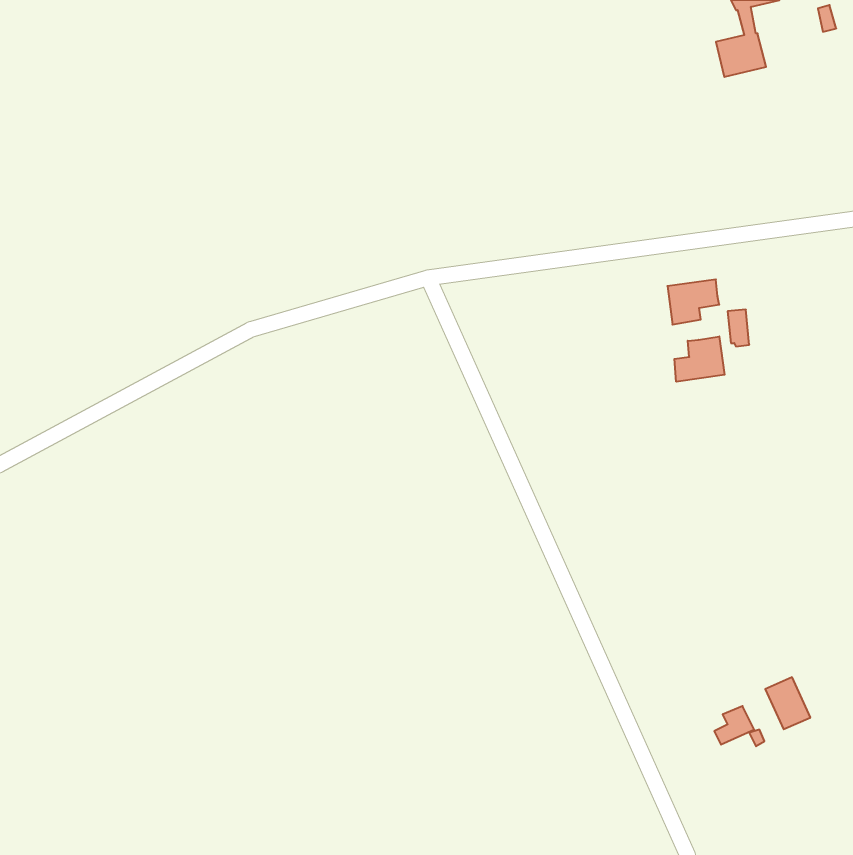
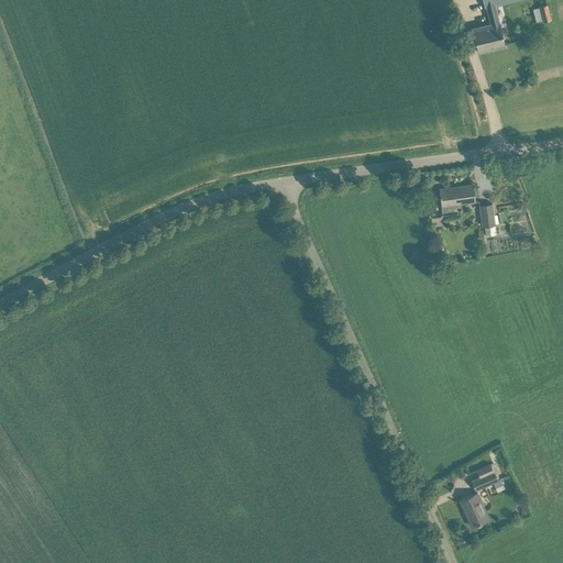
building: [674,336,725,382] -> none
building: [765,677,810,729] -> [459,492,488,526]

